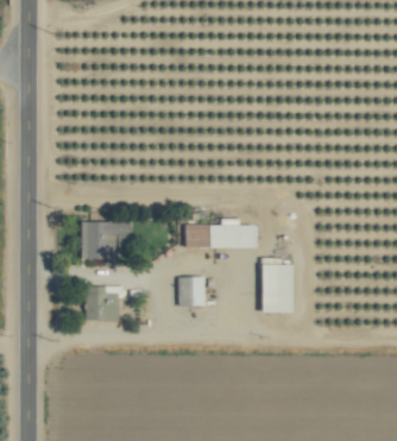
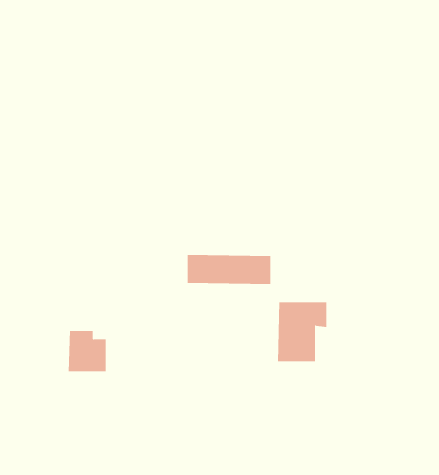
building: [81,221,124,259] -> none
building: [179,276,206,307] -> none

